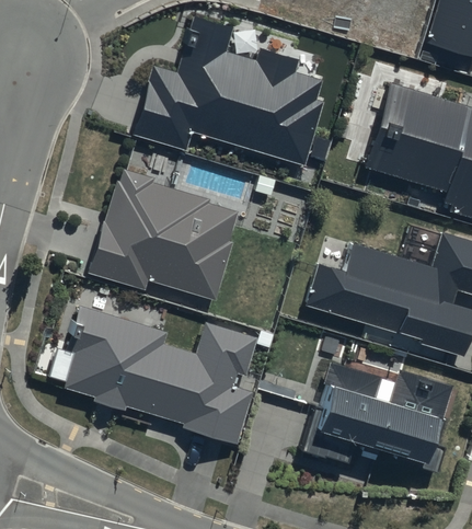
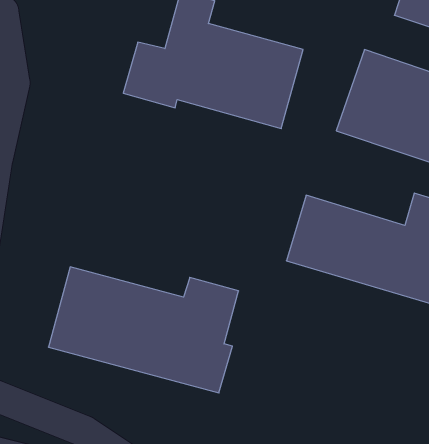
building: [92,175,242,303] -> none
building: [290,372,454,476] -> none

